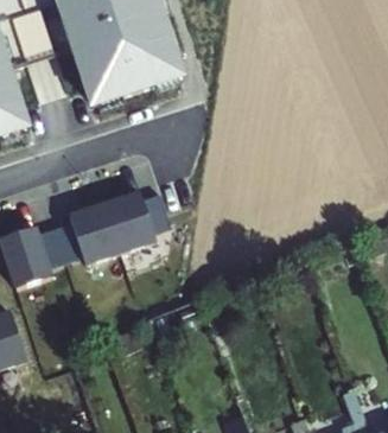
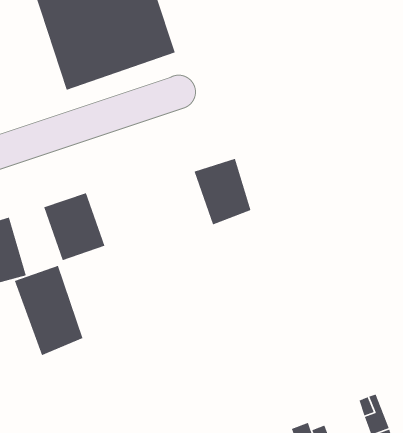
building: [108,190,159,249] -> [193,158,252,225]
building: none -> [14,265,83,356]

